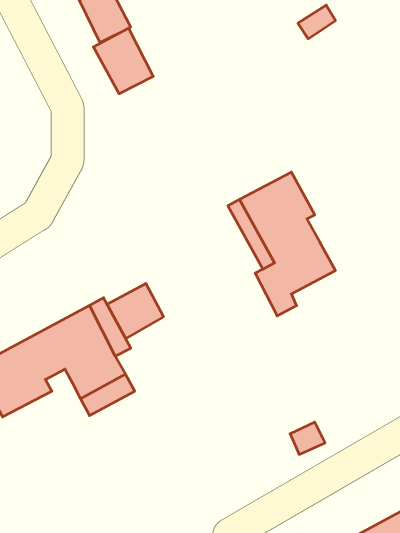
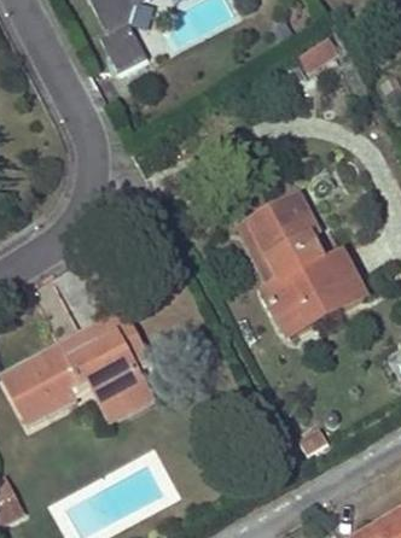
building: [93,28,153,94] -> none
building: none -> [284,250,365,335]
building: [107,283,163,338] -> none

